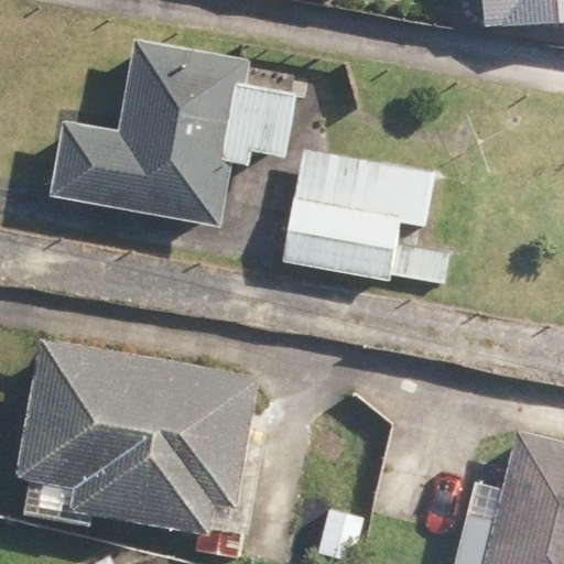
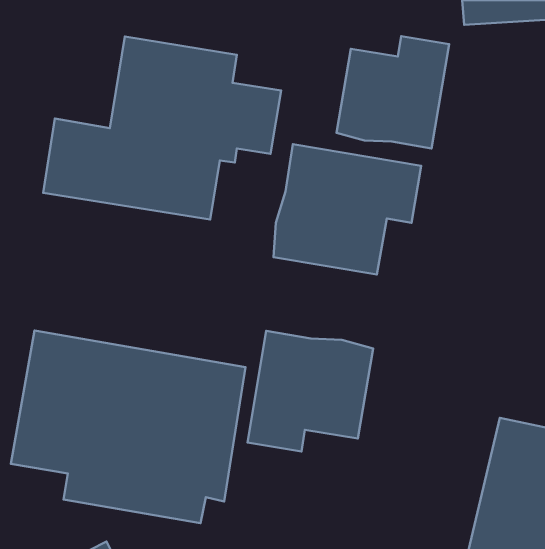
building: none -> [337,36,449,148]
building: none -> [247,331,373,452]

